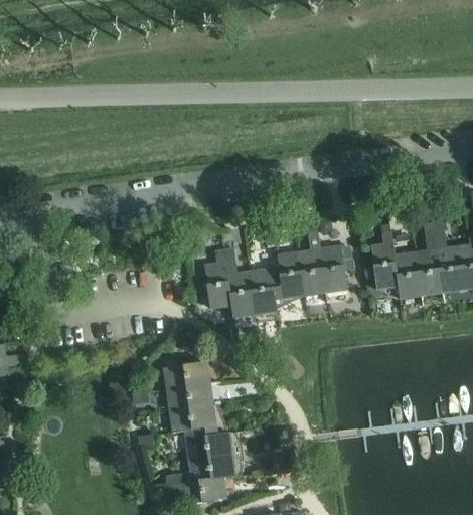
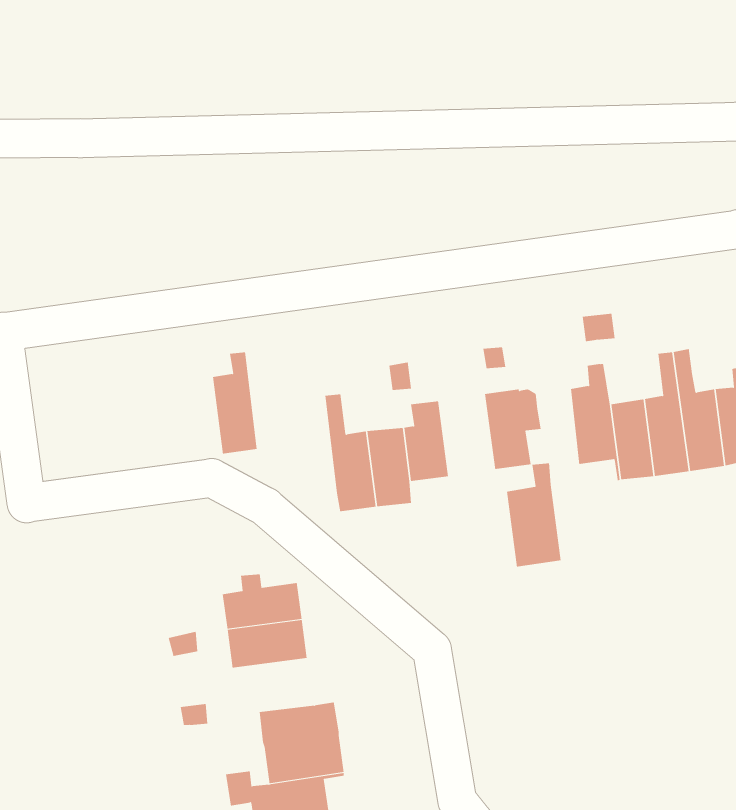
building: [293,234,326,297] -> [506,463,562,567]
building: [204,248,231,310] -> [212,352,258,454]
building: [169,405,218,438] -> none

